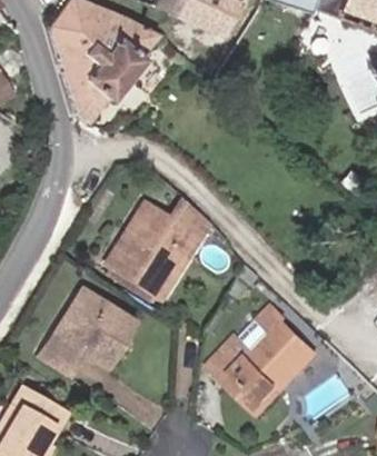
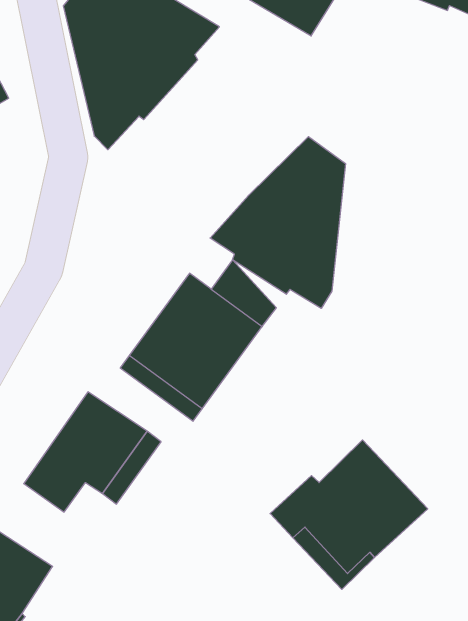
building: none -> [210,137,346,308]

